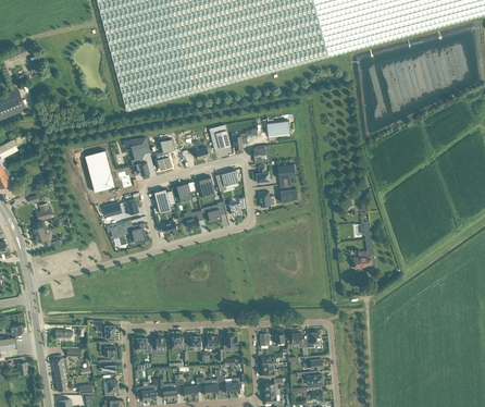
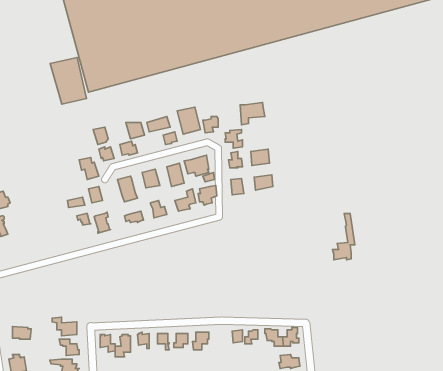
building: [80,150,114,194] -> [50,58,87,104]

